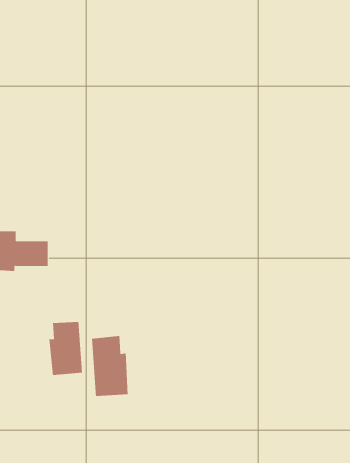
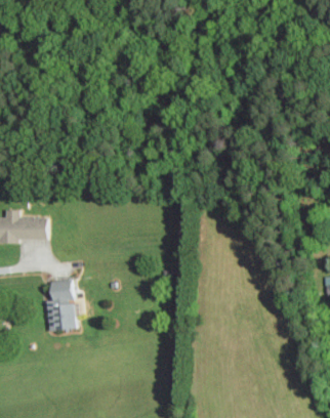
building: [91,335,128,397] -> none

